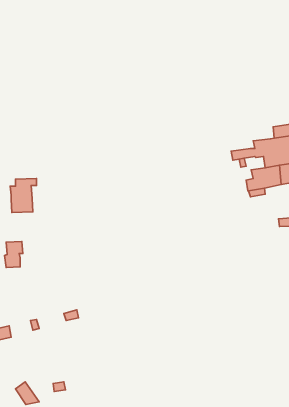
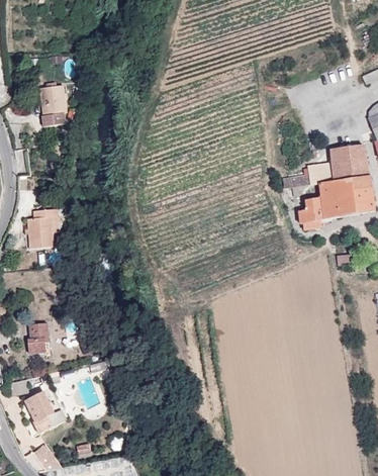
building: none -> [42,80,69,120]
building: [4,241,23,268] -> [27,323,49,354]
building: none -> [24,391,66,434]

